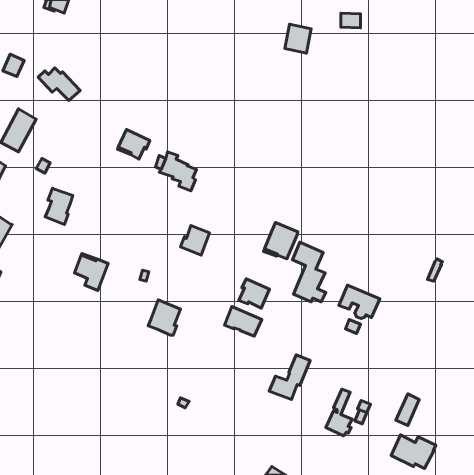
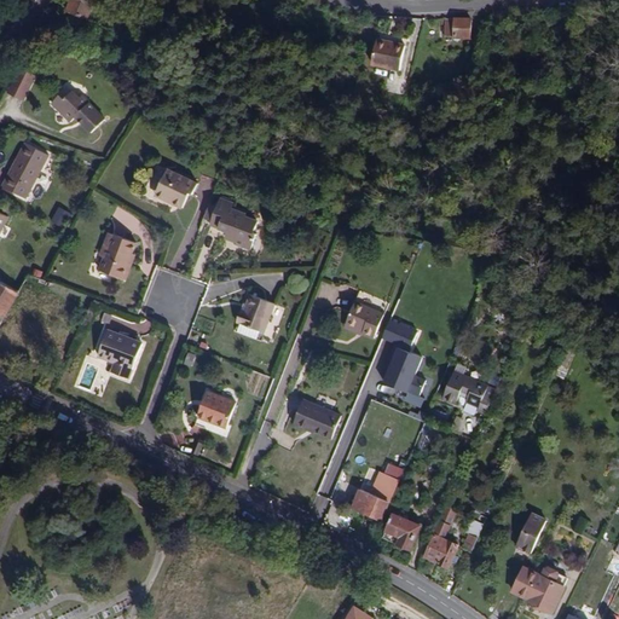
building: [45,188,73,224] -> [98,231,134,278]
building: [239,279,270,308] -> none
building: none -> [381,511,418,548]

